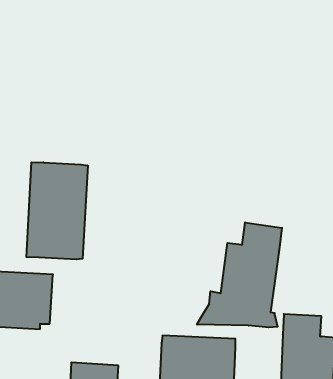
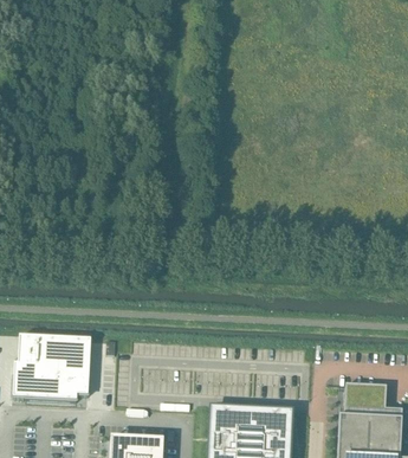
building: [26,162,88,259] -> none
building: [197,222,282,327] -> none

